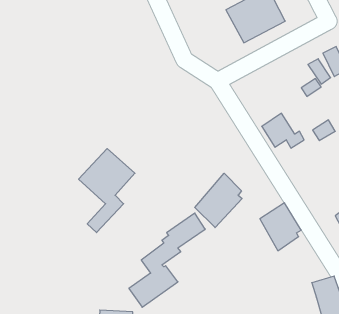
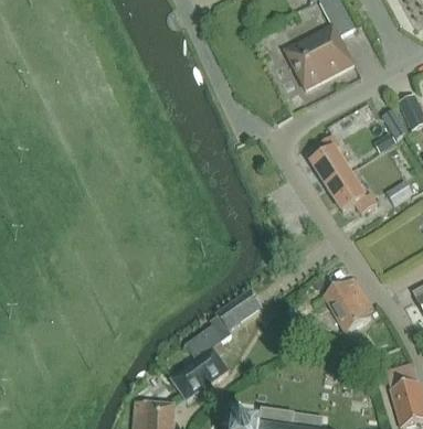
building: none -> [310,135,349,187]
building: [79,149,135,233] -> none
building: [195,173,242,228] -> none

